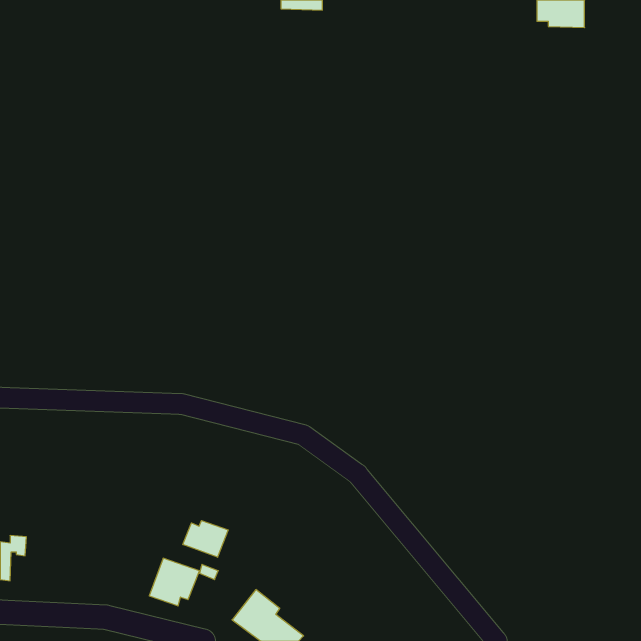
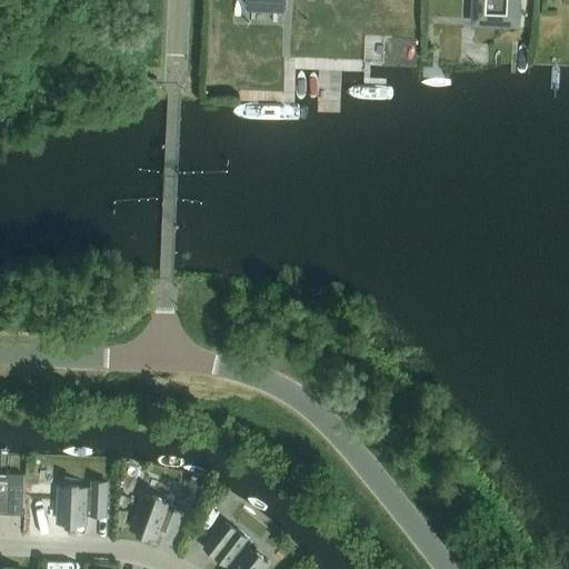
building: [183,521,228,557] -> none
building: none -> [59,481,108,523]

